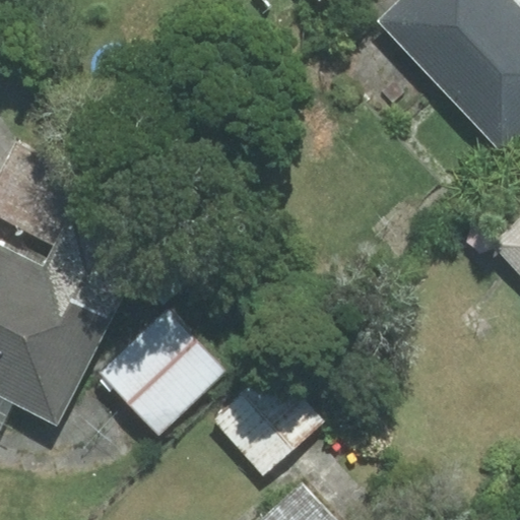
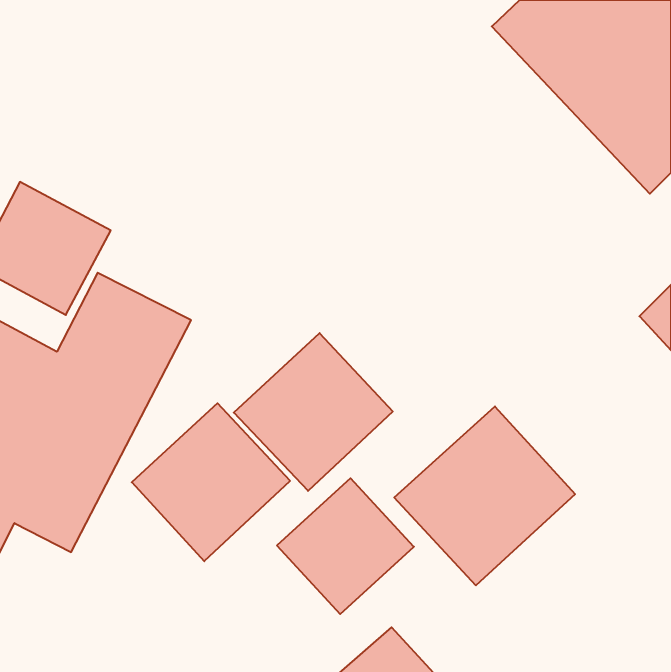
building: none -> [234,333,393,491]
building: none -> [394,406,575,585]

